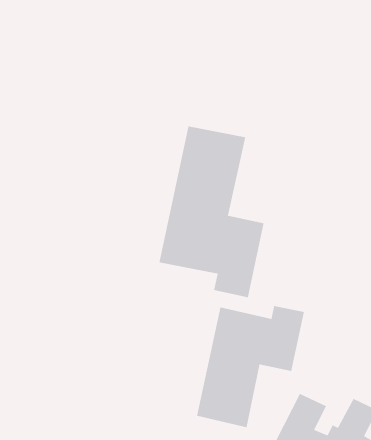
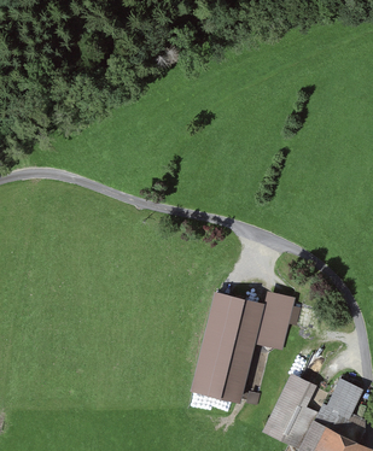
building: [158,125,265,298] -> none

